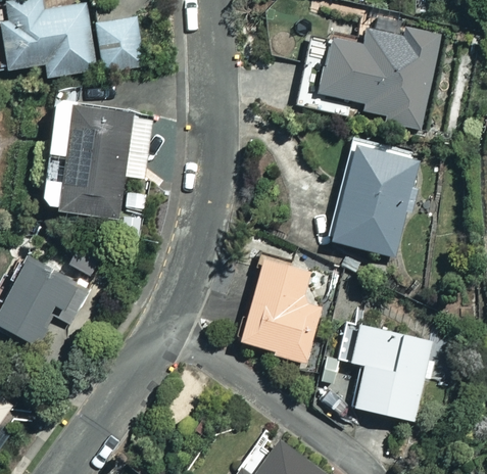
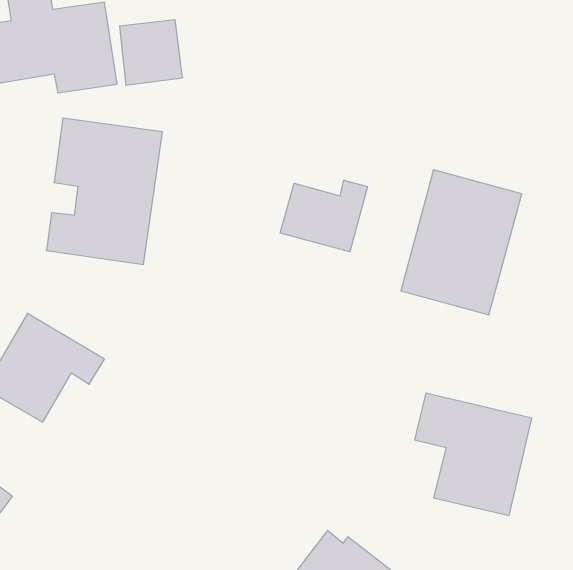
building: [309,29,440,118] -> none
building: none -> [280,180,368,252]
building: [238,257,324,363] -> none

